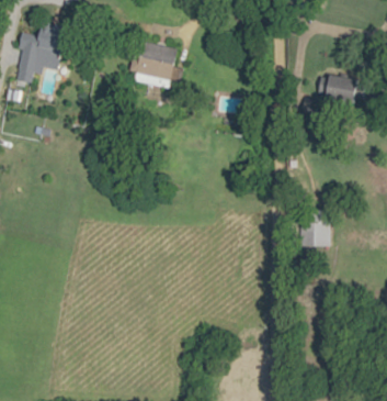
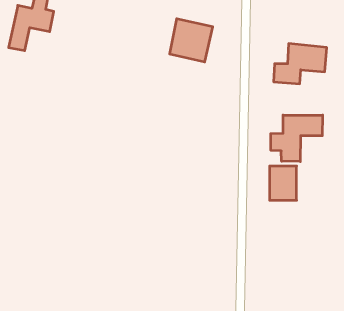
building: [132,41,179,88] -> [170,19,213,62]
building: none -> [271,115,323,162]

